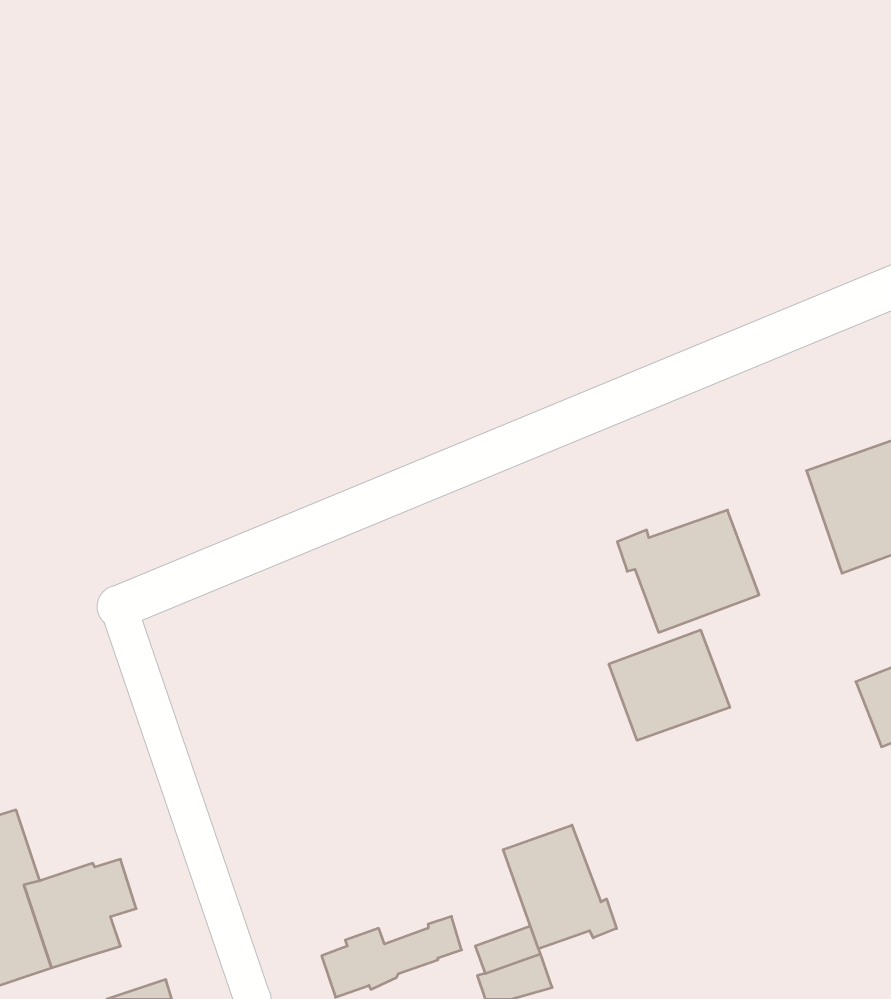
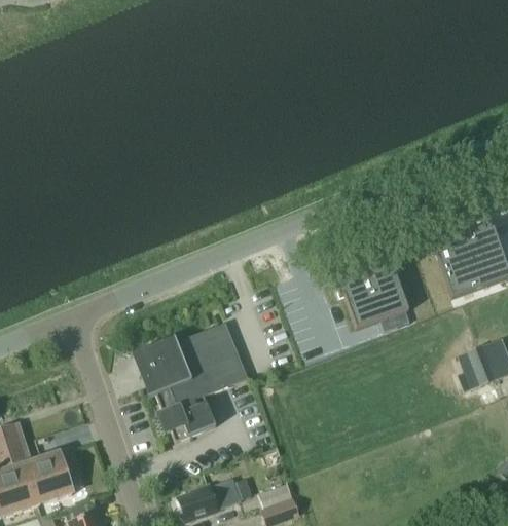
building: none -> [133,322,249,442]
building: [609,630,730,740] -> none
building: [503,825,617,949] -> none

